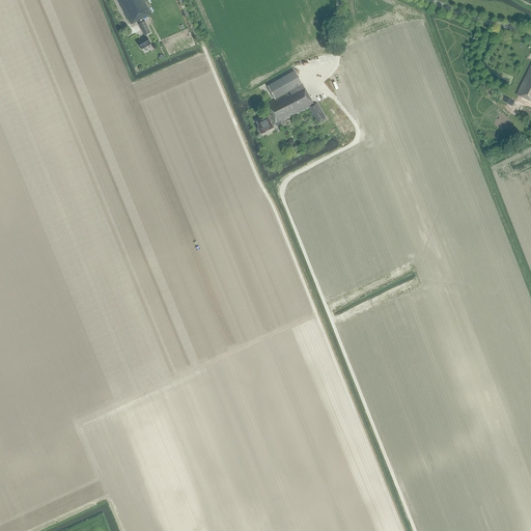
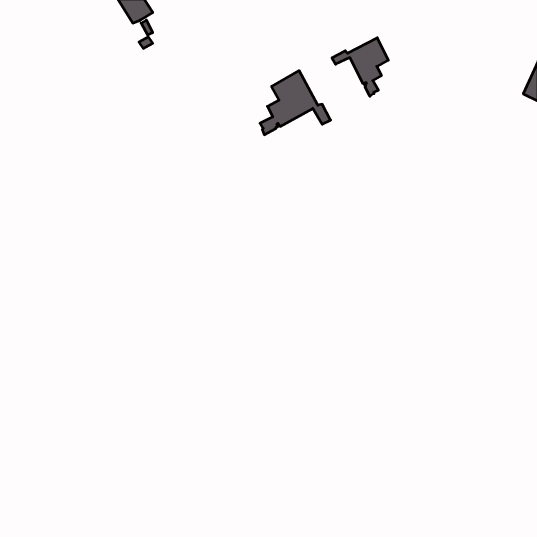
building: none -> [332,38,388,96]

